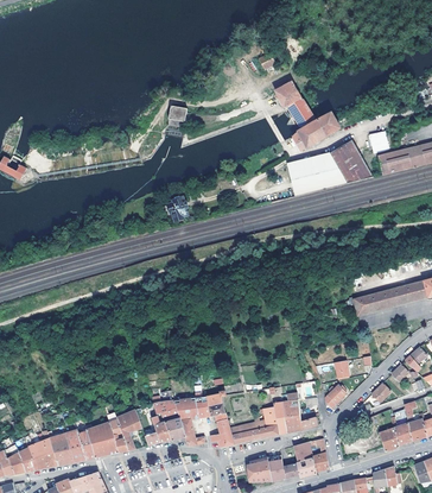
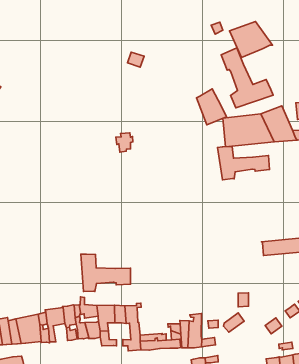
building: none -> [230,21,272,58]
building: none -> [196,89,226,125]
building: none -> [217,146,269,180]
building: none -> [81,254,131,292]

